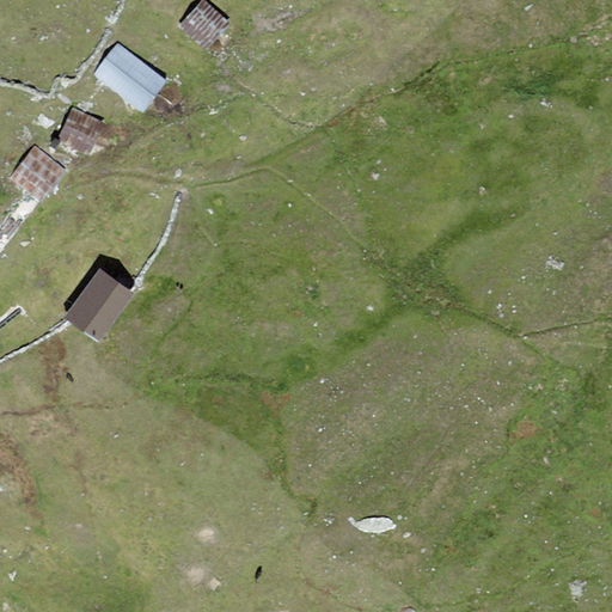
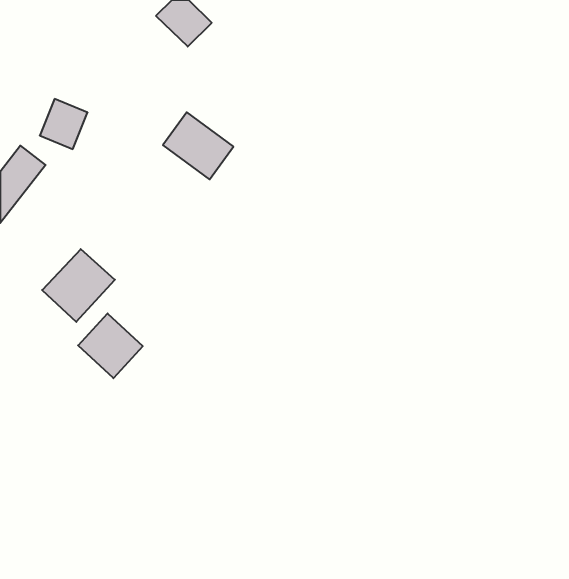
building: [94,41,169,111] -> [163,112,233,179]
building: none -> [78,313,143,378]

